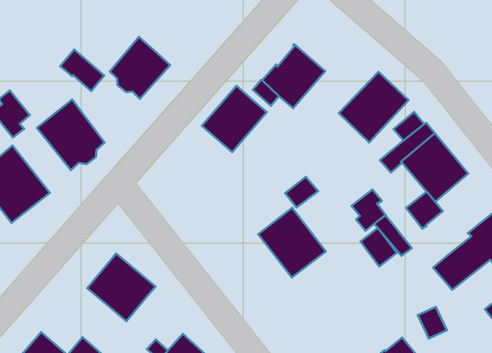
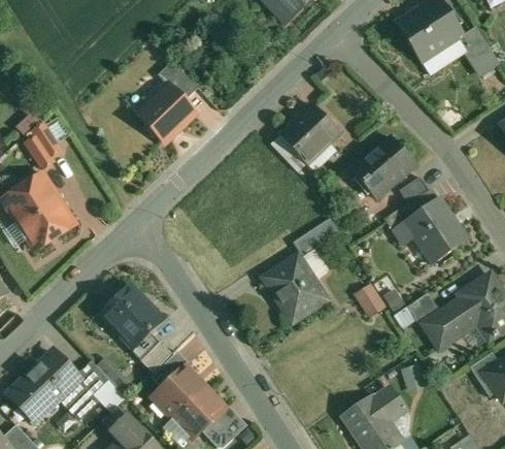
building: [60,49,104,91] -> [158,61,198,101]
building: [202,86,267,152] -> none
building: [37,99,105,170] -> none
building: [351,190,385,231] -> none
building: [406,192,443,229] -> [407,293,441,327]
building: none -> [131,332,172,373]

